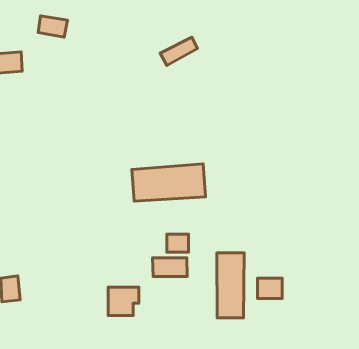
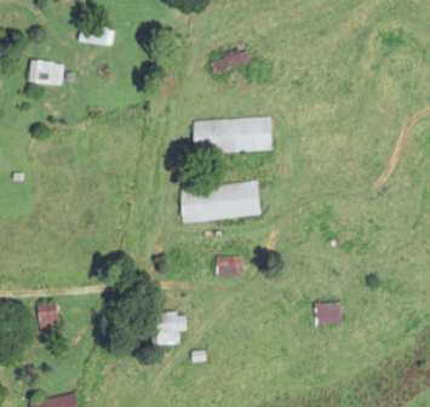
building: none -> [193,116,271,154]
building: [217,253,244,318] -> none
building: [153,258,187,276] -> none

